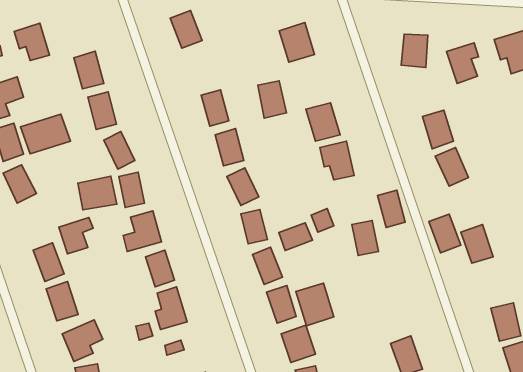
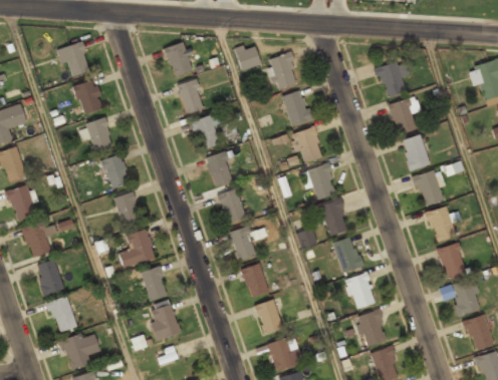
building: none -> [235,43,261,70]
building: [14,23,49,60] -> [57,41,90,76]
building: [447,43,479,84] -> [388,96,418,134]
building: none -> [179,79,203,112]
building: [258,81,287,118] -> [283,90,310,125]
building: [20,114,70,154] -> none
building: [78,176,117,210] -> none
building: [377,190,405,228] -> [321,201,347,236]
building: [429,214,461,253] -> [426,206,456,242]
building: [59,217,93,254] -> [24,223,56,257]
building: [279,223,312,250] -> none
building: none -> [344,272,377,309]
building: none -> [452,280,482,315]
building: [296,283,334,326] -> none
building: none -> [356,310,388,346]

